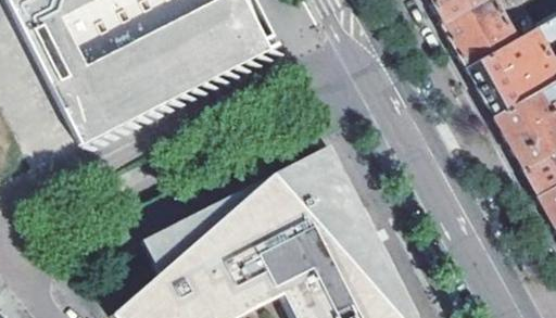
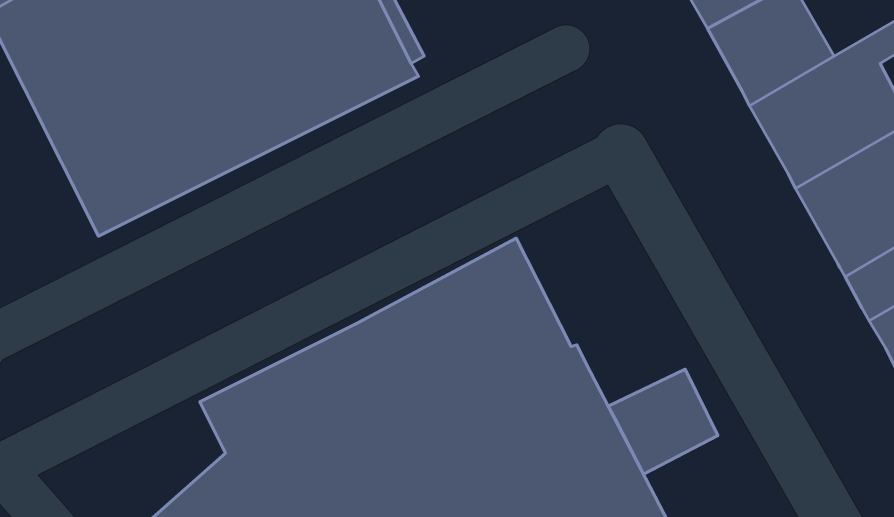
building: none -> [608,369,718,474]

